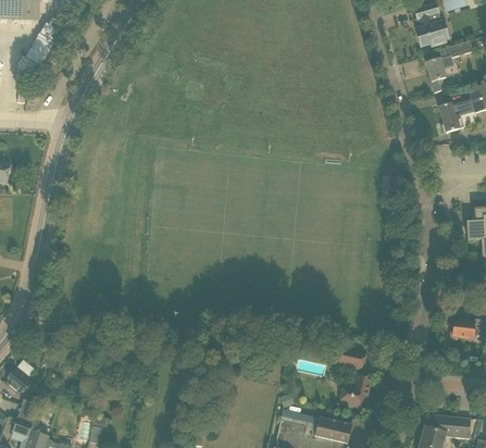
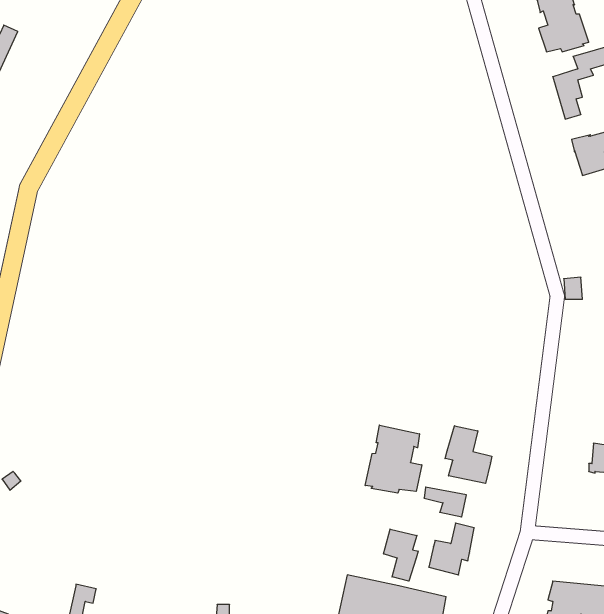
building: none -> [365,425,422,493]
building: none -> [445,426,492,483]
building: none -> [384,529,418,581]

